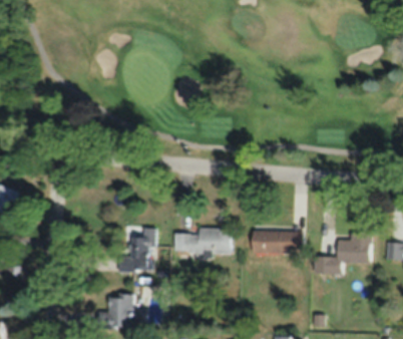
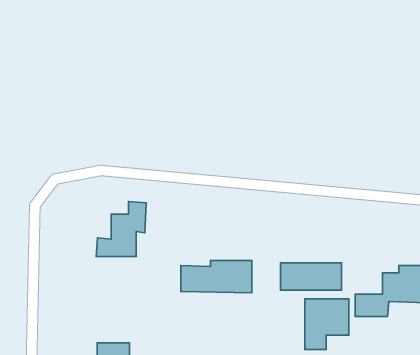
building: [118,228,158,272] -> [96,202,146,256]
building: none -> [305,299,349,349]

